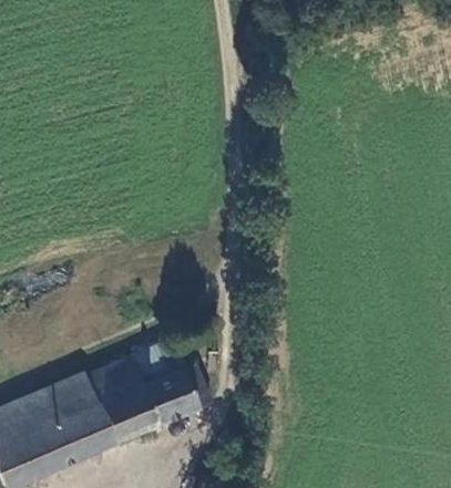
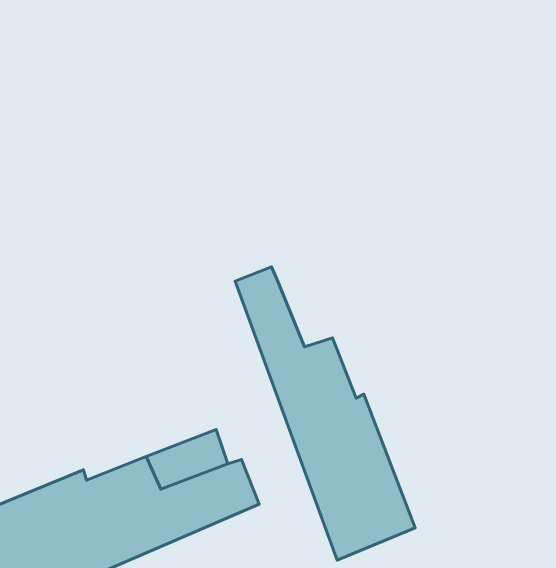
building: none -> [235,267,415,560]

